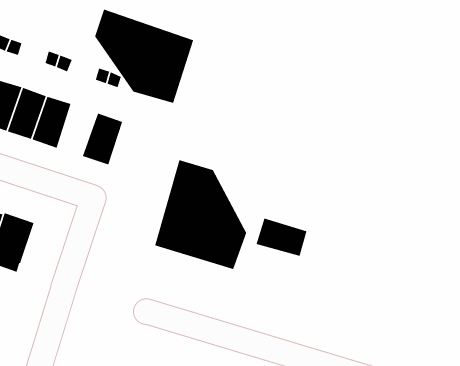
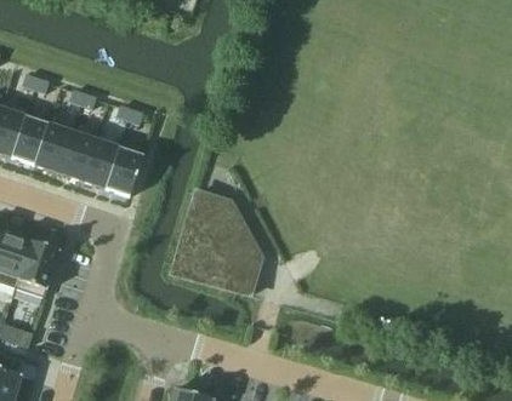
building: [94,9,194,104] -> none
building: none -> [83,137,120,187]
building: [256,217,308,257] -> none

